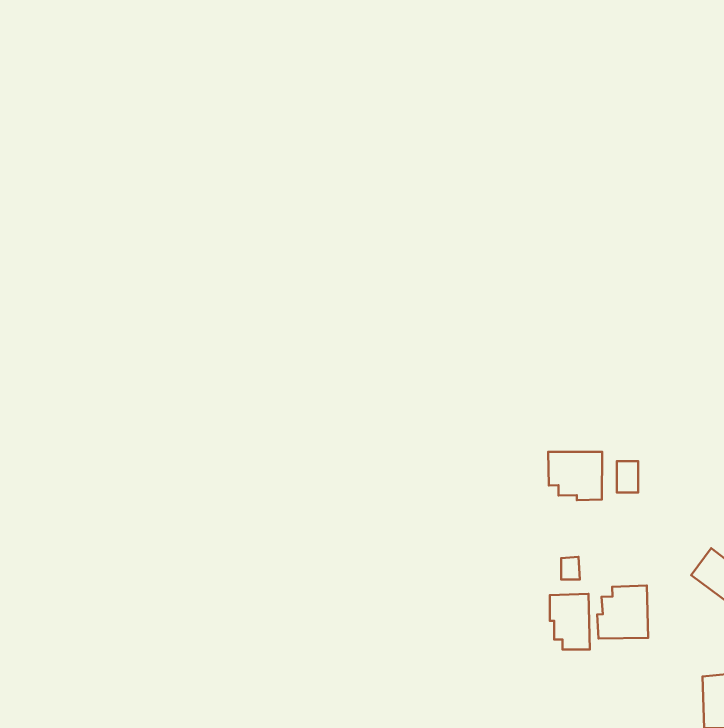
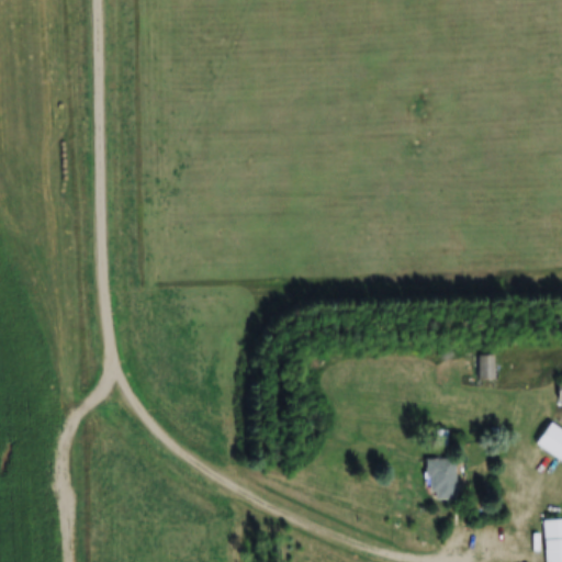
building: [548,452,602,500] -> none
building: [597,585,648,639] -> none

